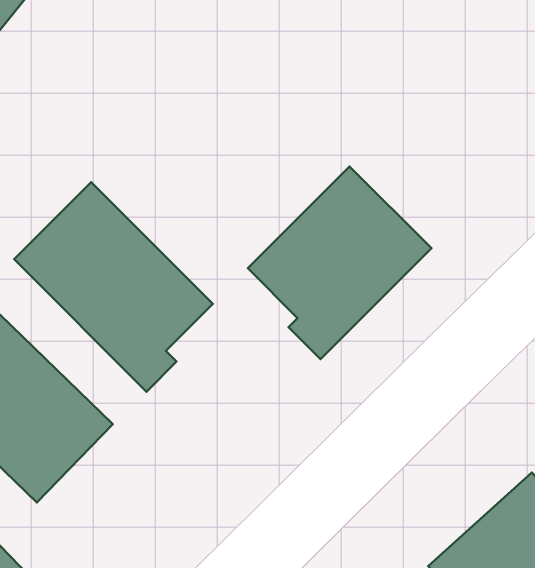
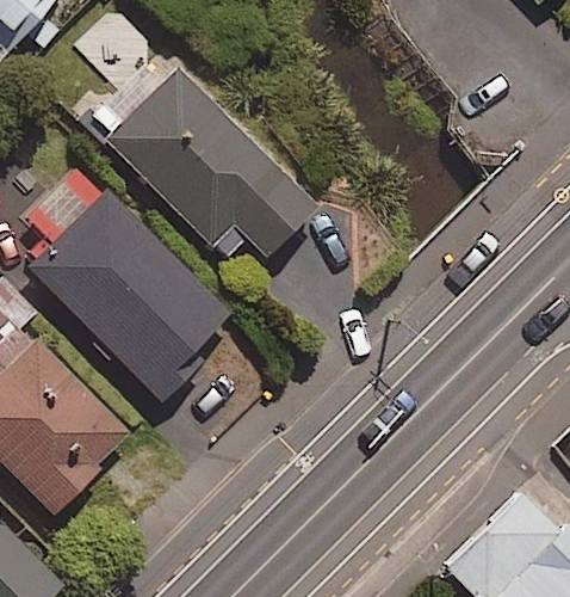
building: none -> [101,63,314,256]
building: [248,166,431,359] -> none

